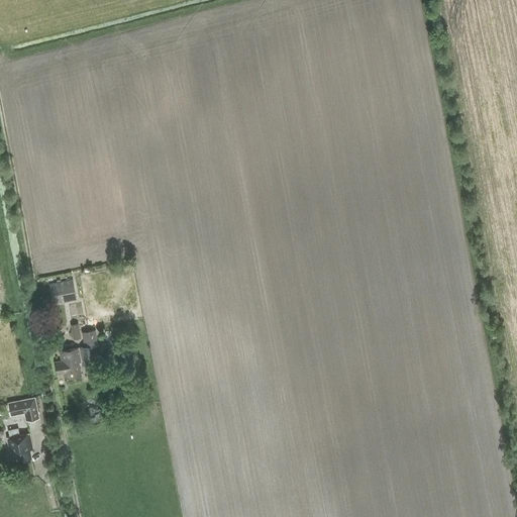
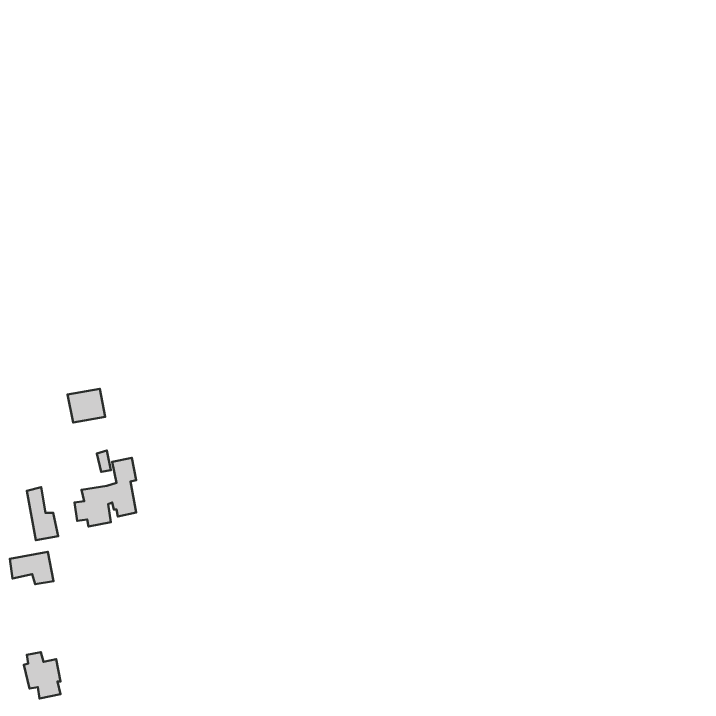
building: none -> [27,487,58,540]
building: [5,429,31,462] -> [24,652,60,698]

